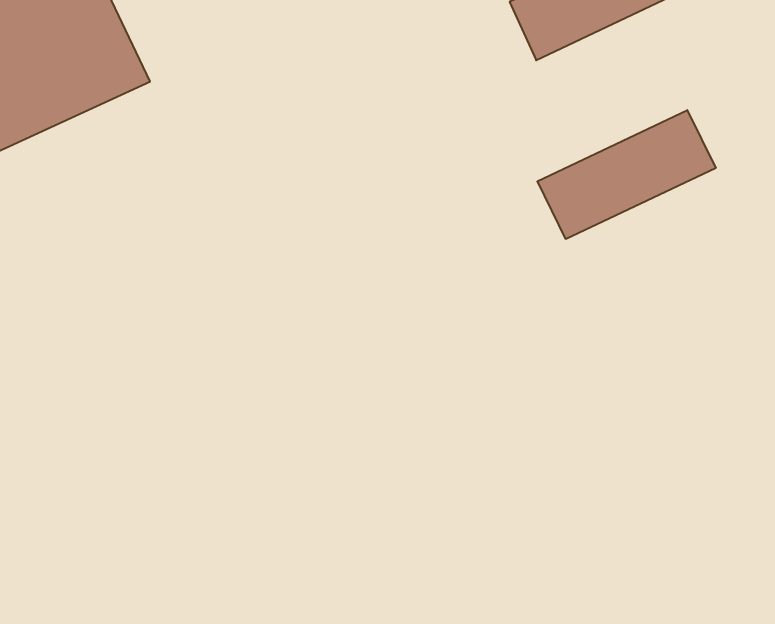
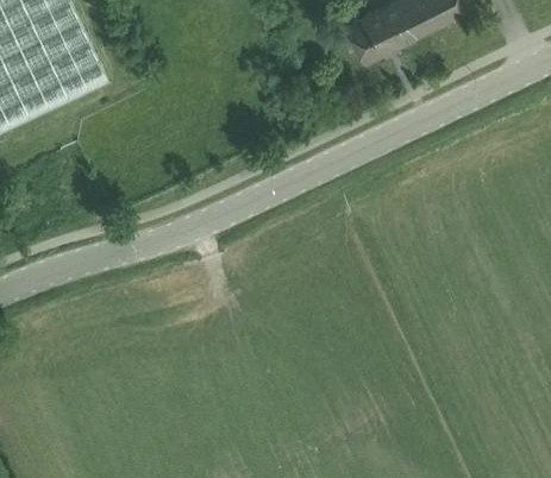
building: [537,110,716,239] -> none

